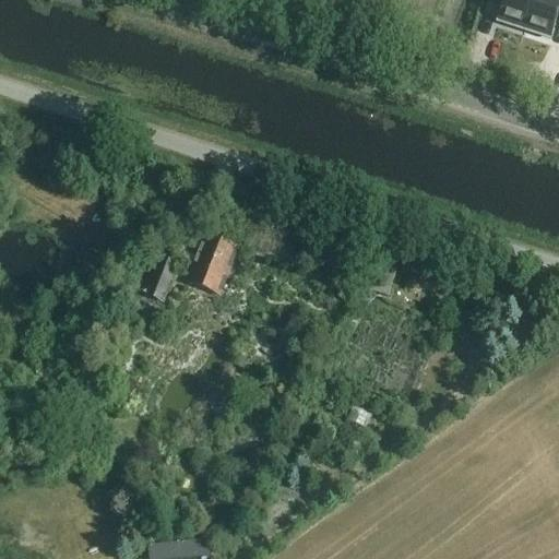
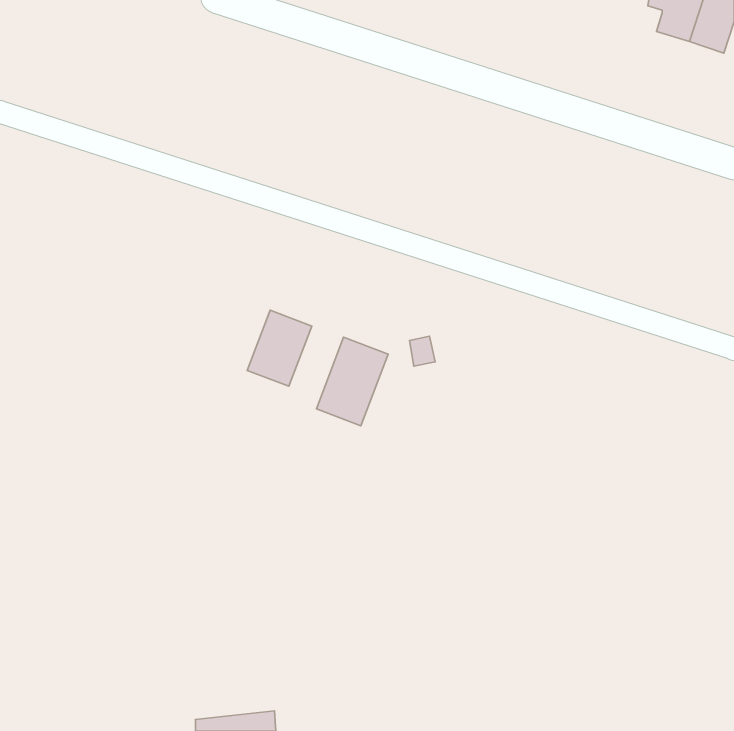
building: [142,255,179,302] -> none
building: none -> [316,337,388,426]

